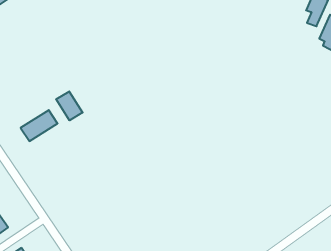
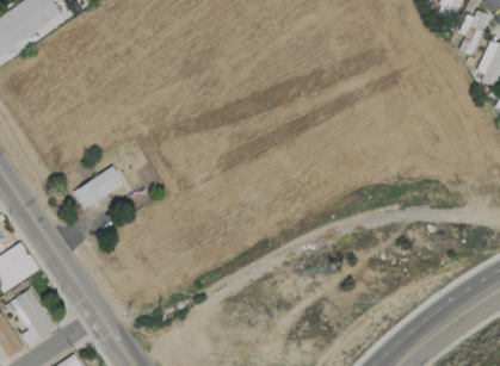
building: [56,91,83,120] -> none

